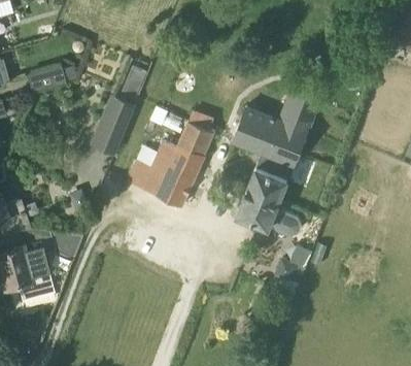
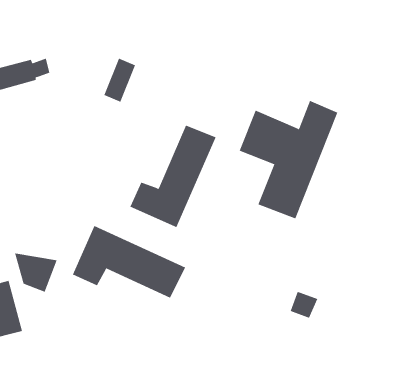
building: [97,94,138,149] -> none
building: [238,186,303,234] -> none
building: none -> [72,225,186,299]

